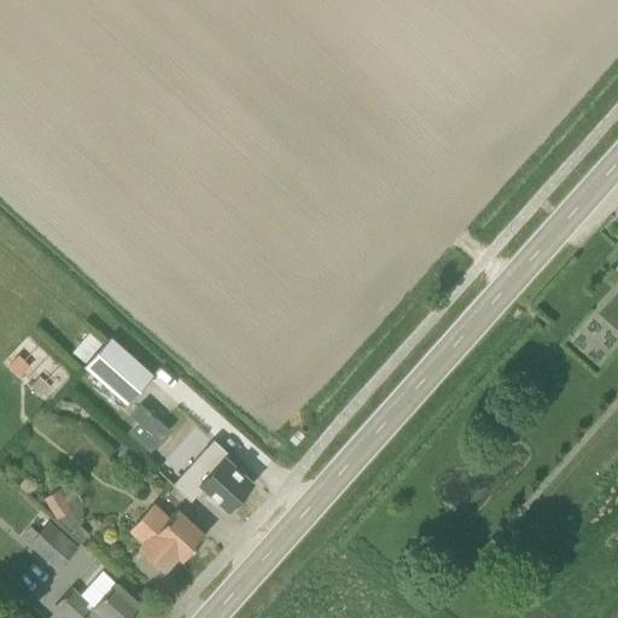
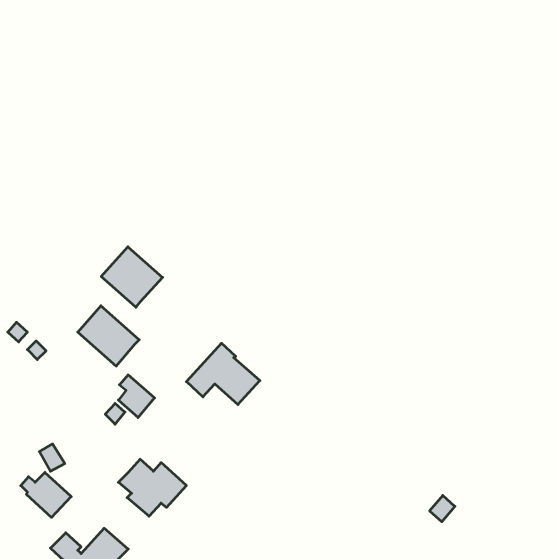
building: none -> [101,247,163,307]
building: [174,443,255,511] -> [186,343,260,405]

